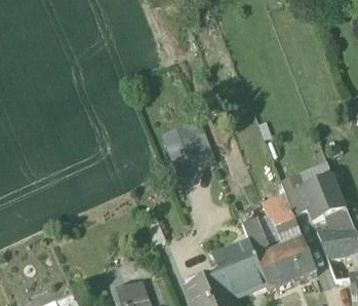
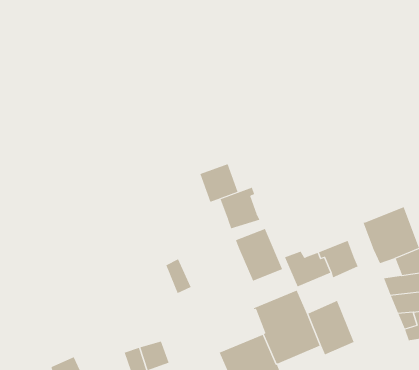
building: none -> [220,187,260,229]
building: [280,174,308,213] -> none
building: none -> [235,228,283,282]
building: [280,237,316,279] -> none

